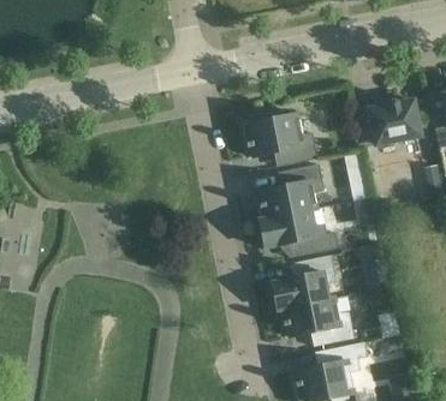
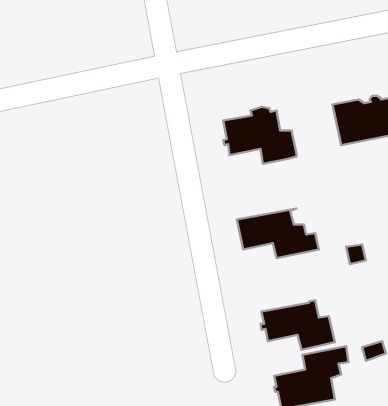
building: [258,163,325,219] -> none
building: [272,255,337,310] -> none

